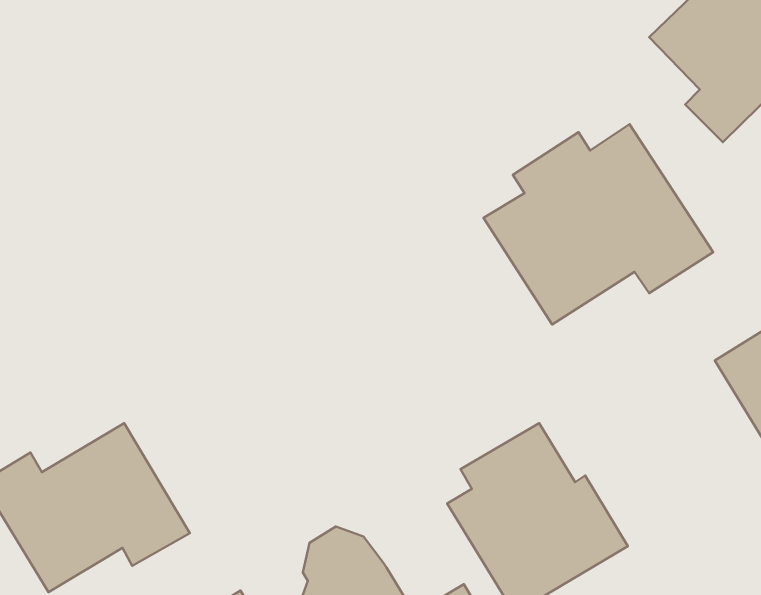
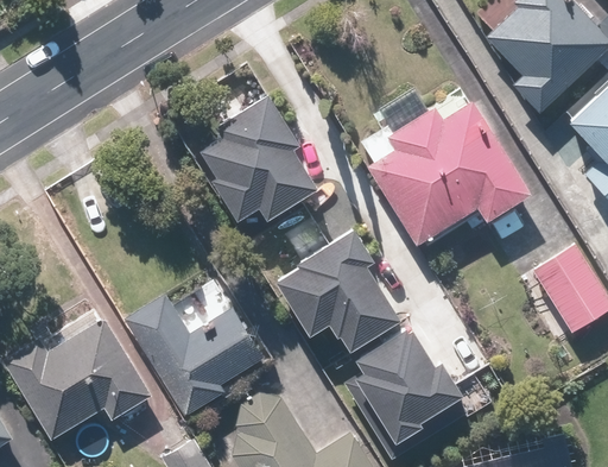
building: none -> [197,93,321,221]
building: none -> [271,219,400,348]
building: none -> [125,294,266,418]

